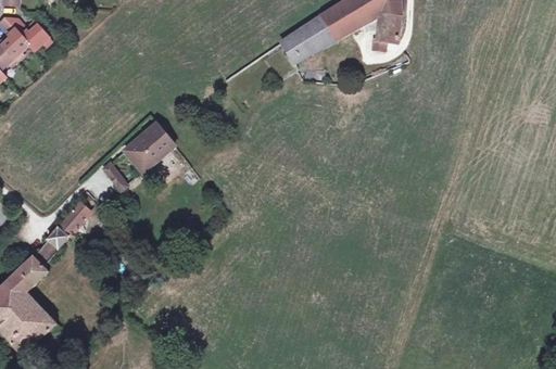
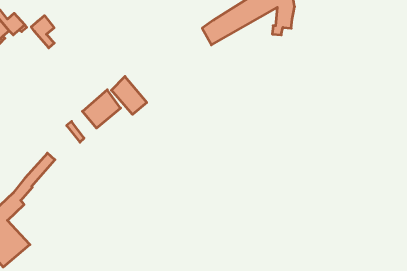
building: none -> [31,16,54,48]
building: none -> [111,76,147,114]

